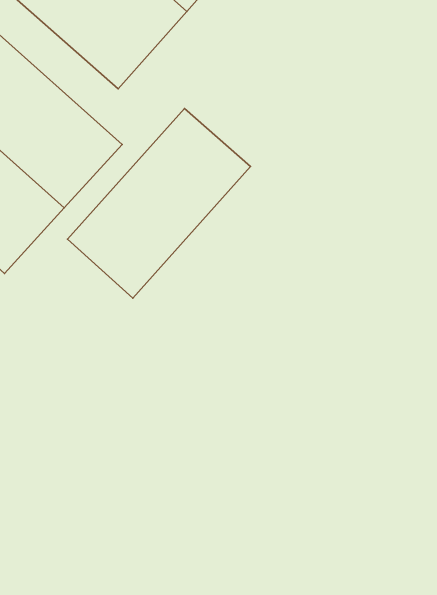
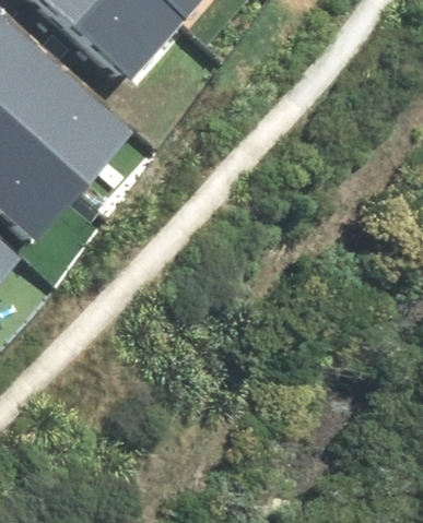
building: [68,109,251,298] -> none

